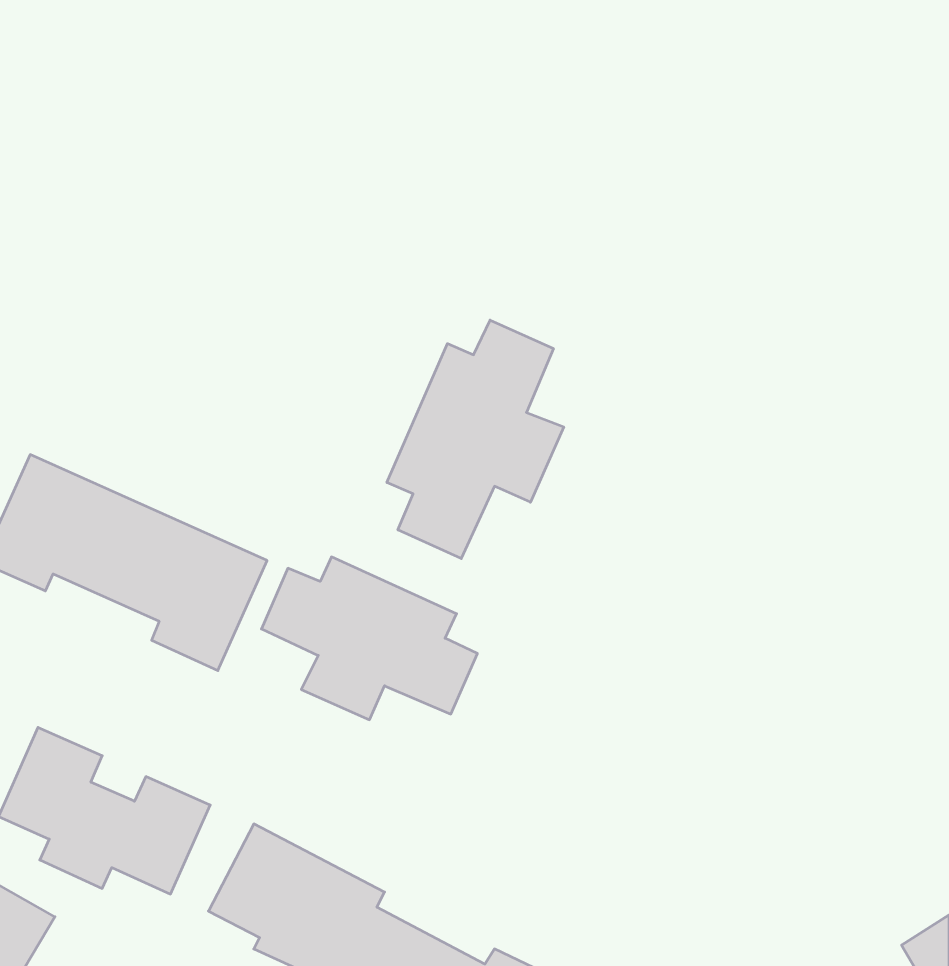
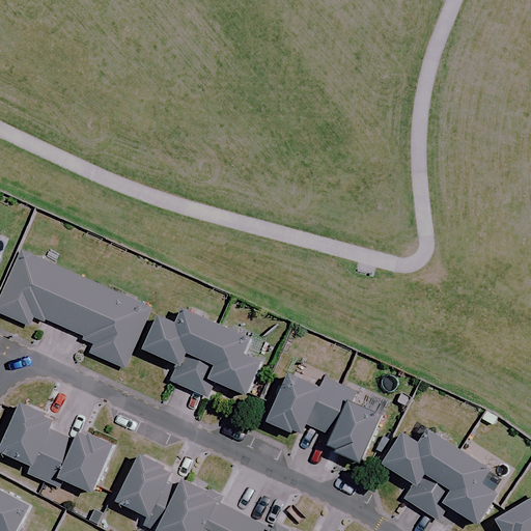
building: [387,320,564,559] -> none
building: none -> [268,371,382,460]
building: none -> [381,427,498,524]

